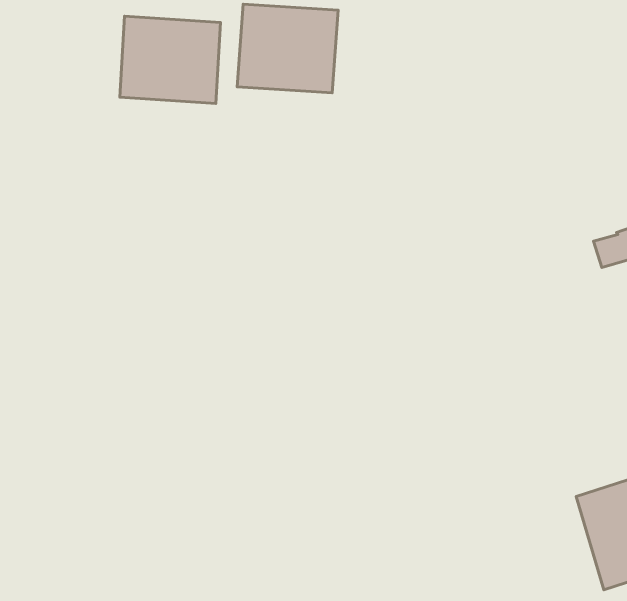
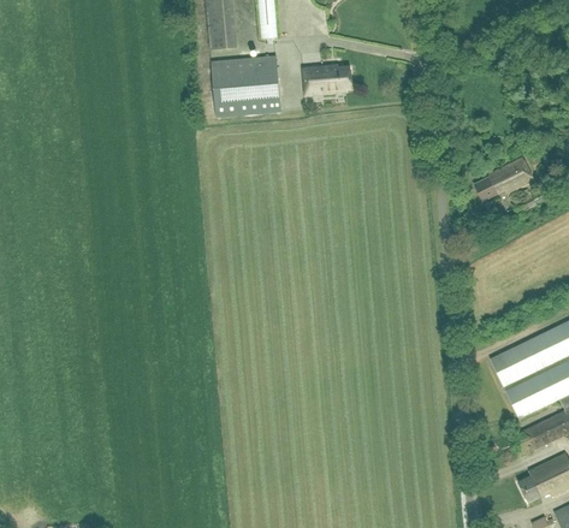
building: [120,16,221,103] -> none
building: none -> [303,64,352,94]

